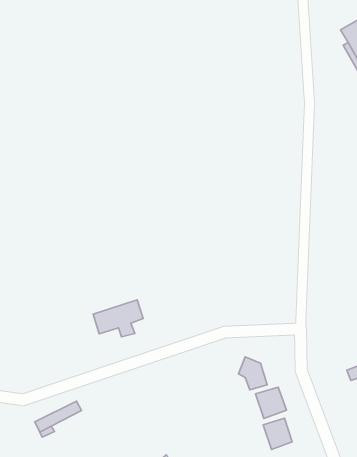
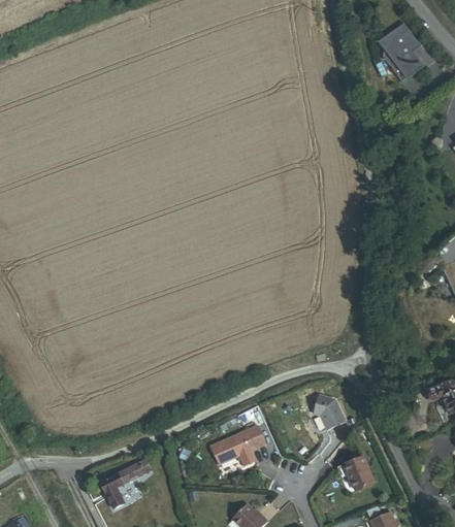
building: [93,300,143,337] -> [209,425,262,465]
building: [256,387,286,418] -> none

